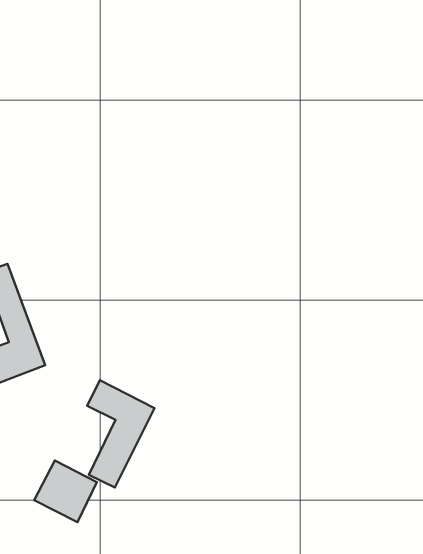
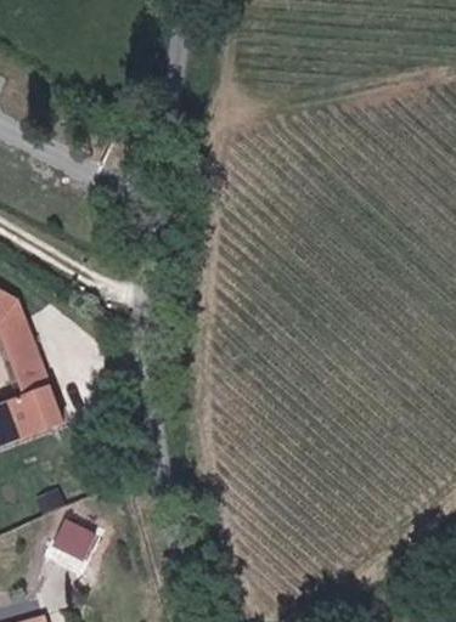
building: [87,380,154,487] -> none

